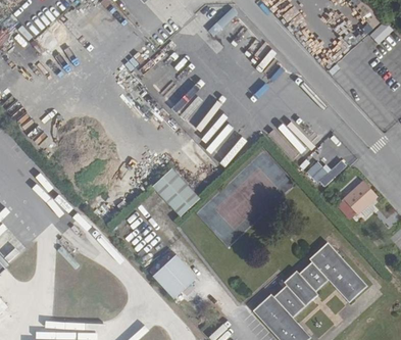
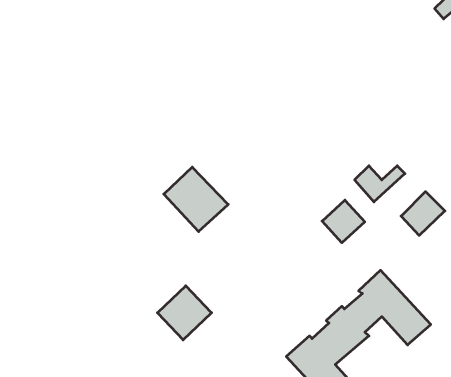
building: none -> [322,200,365,243]

